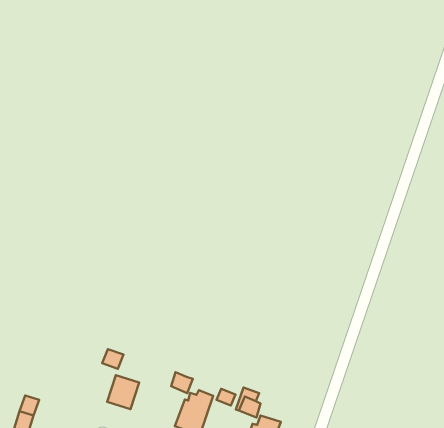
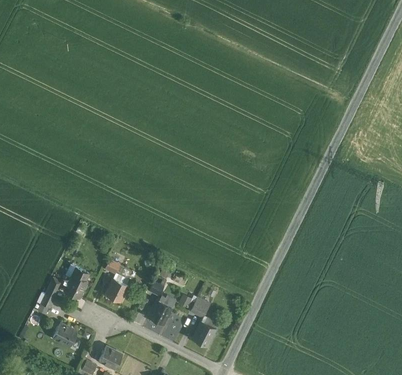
building: none -> [64,267,89,298]

